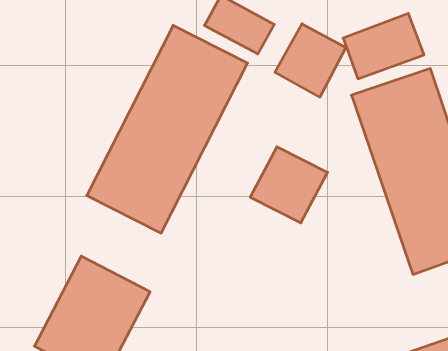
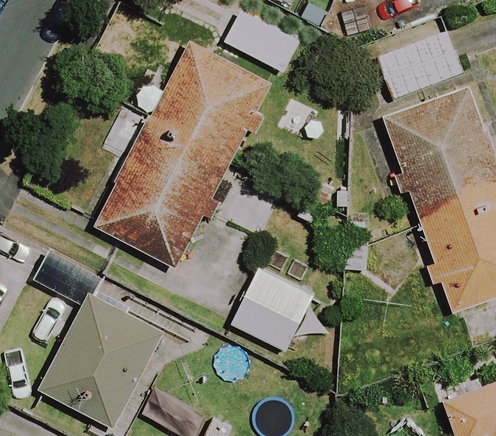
building: [275,24,346,97] -> none
building: [250,147,328,223] -> [227,267,311,350]

